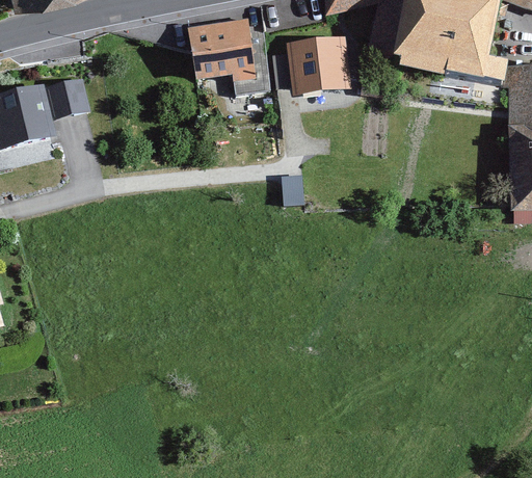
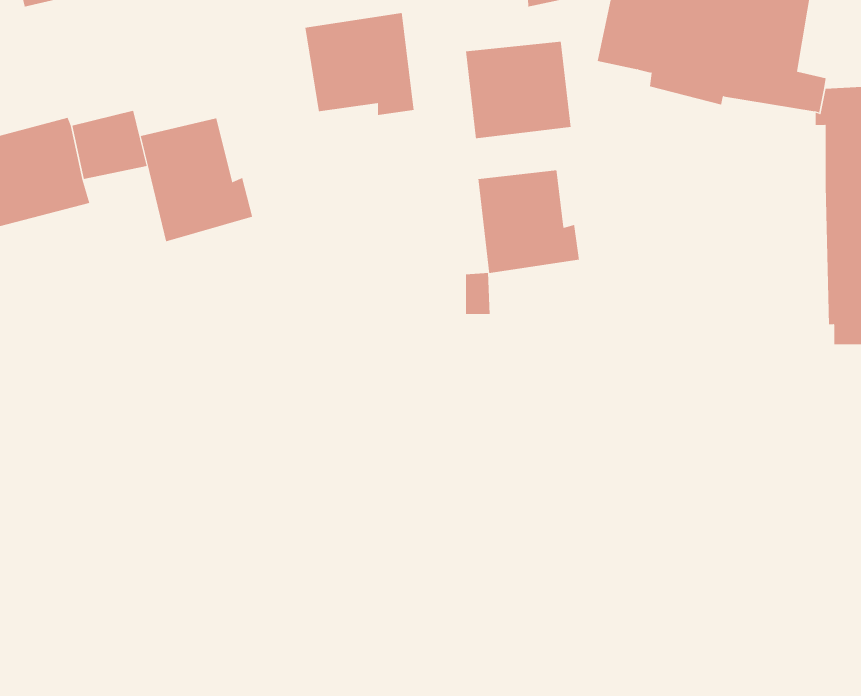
building: none -> [140,118,253,242]
building: none -> [478,170,579,274]

